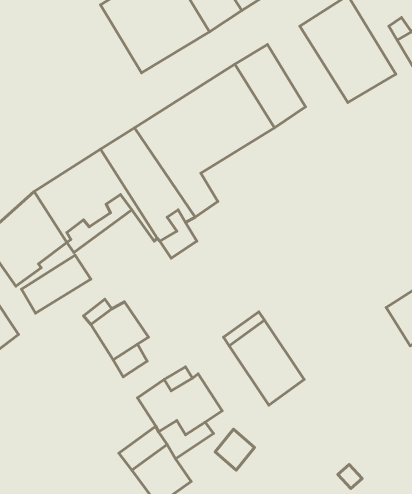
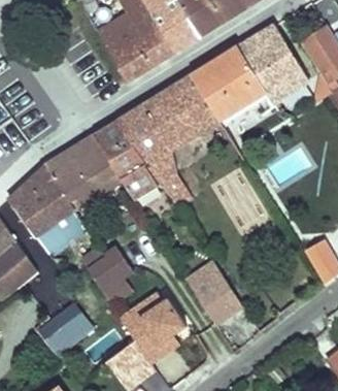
building: none -> [216,46,275,117]
building: none -> [36,304,92,357]

